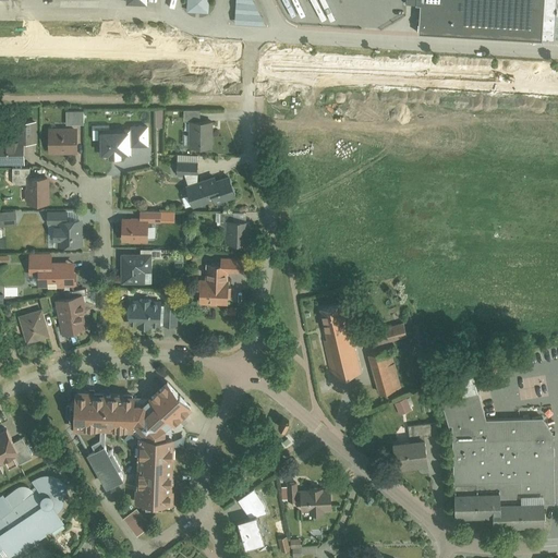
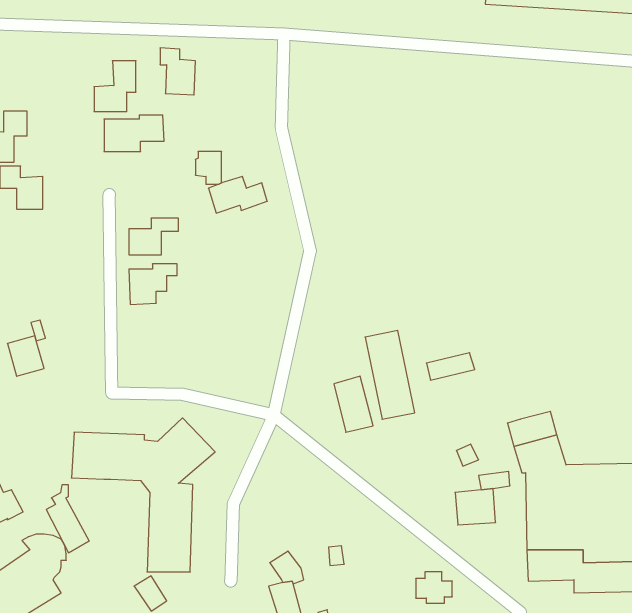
building: [183,111,213,150] -> [160,48,195,95]
building: [49,112,84,155] -> [94,61,136,112]
building: [46,211,81,247] -> none
building: [219,214,248,245] -> none
building: [27,255,75,289] -> none
building: [197,259,243,306] -> none
building: [53,293,85,336] -> none
building: [126,302,175,329] -> none
building: [368,351,401,398] -> [334,376,373,432]
building: [86,430,122,487] -> [46,485,89,553]
building: [303,493,333,519] -> [416,572,452,603]

